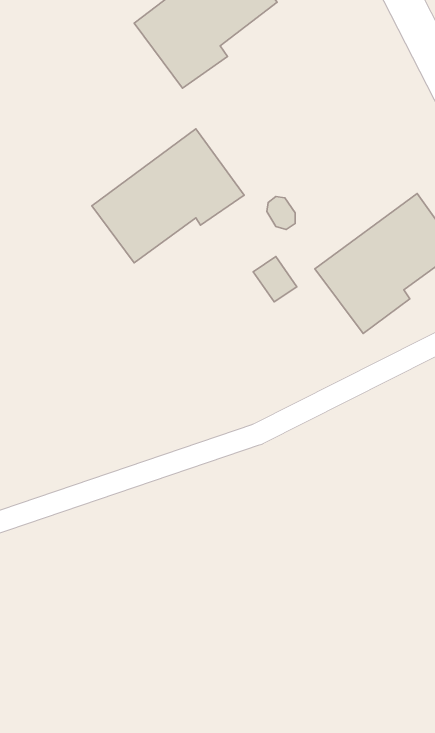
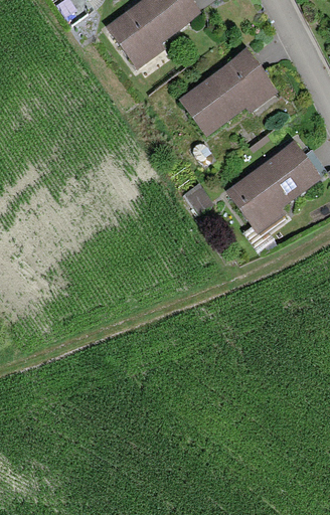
building: [92,129,244,263] -> [178,47,280,137]

